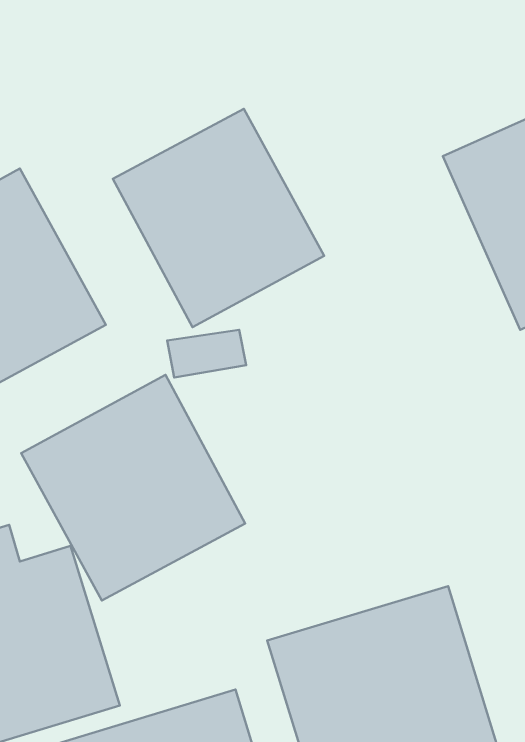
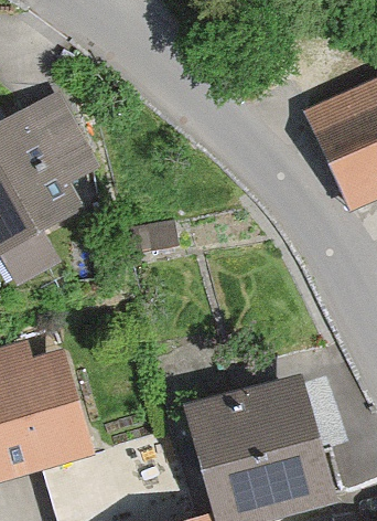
building: [113,109,324,327] -> none
building: [21,375,245,600] -> none

